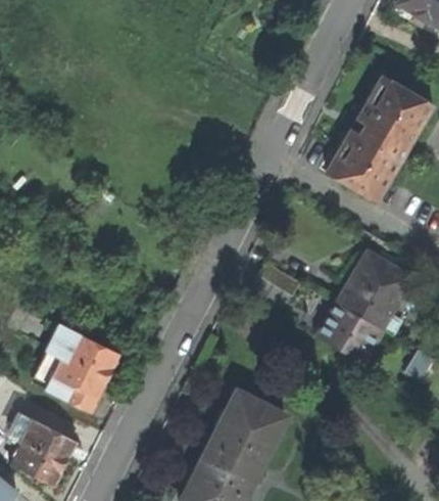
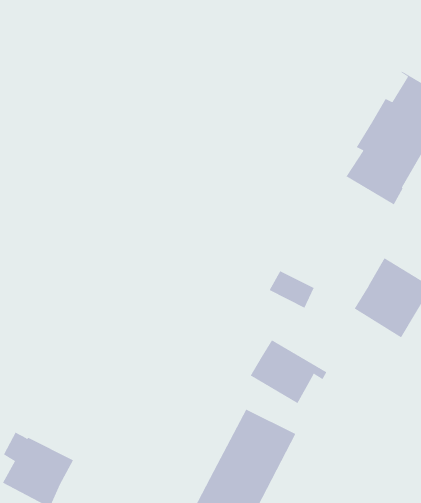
building: [316,302,389,362] -> [250,340,327,404]
building: [32,323,119,409] -> none

